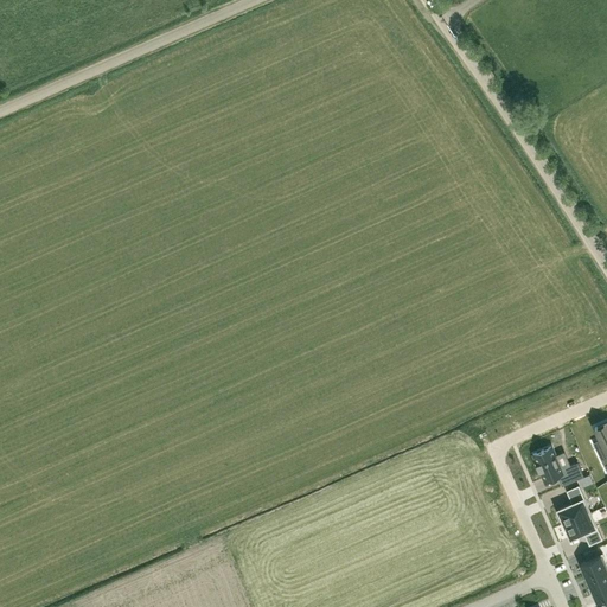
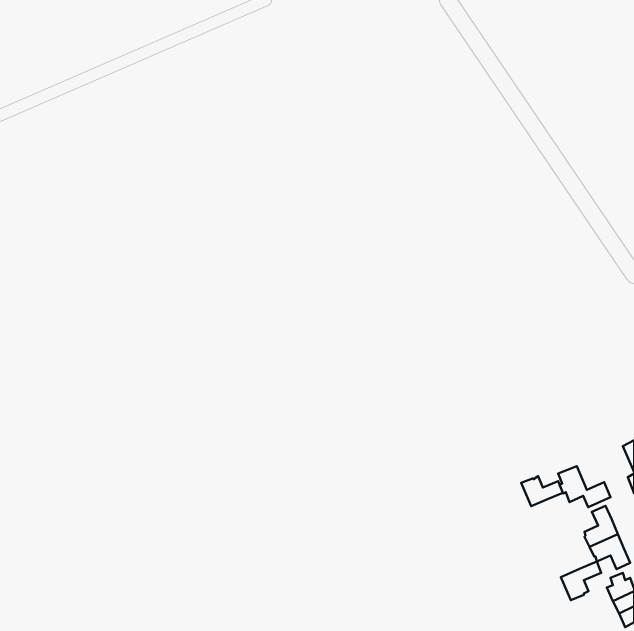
building: none -> [521,476,563,506]
building: none -> [561,562,601,600]

